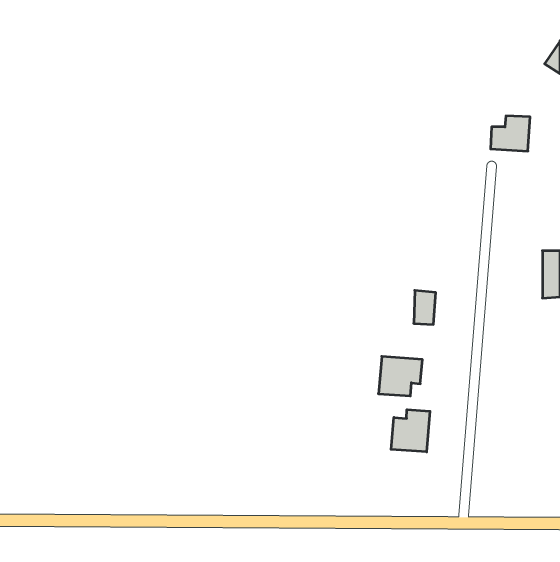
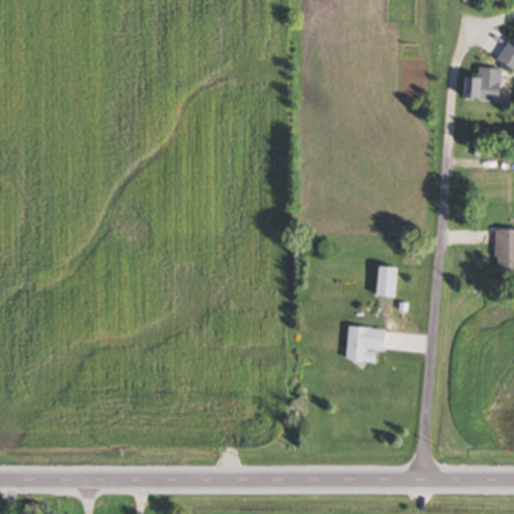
building: [491,116,530,151] -> [465,67,501,99]
building: [391,410,430,452] -> none

